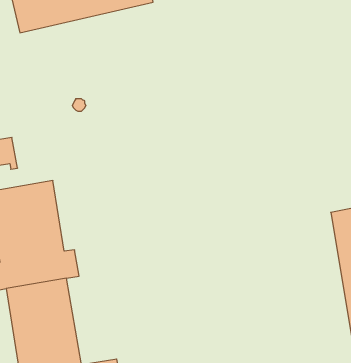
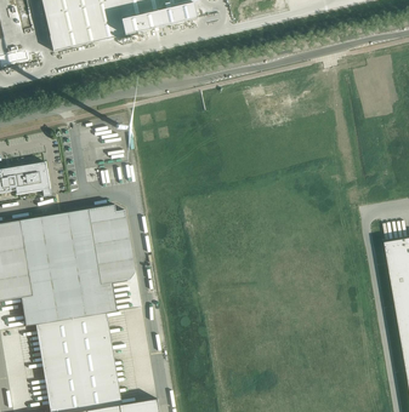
building: none -> [89,205,136,284]

